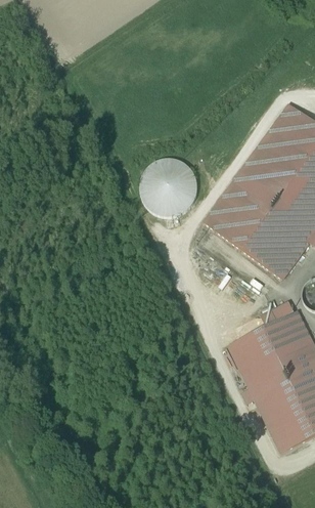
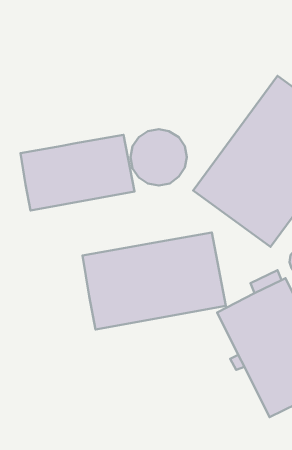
building: none -> [20,135,135,210]
building: none -> [83,232,226,330]

